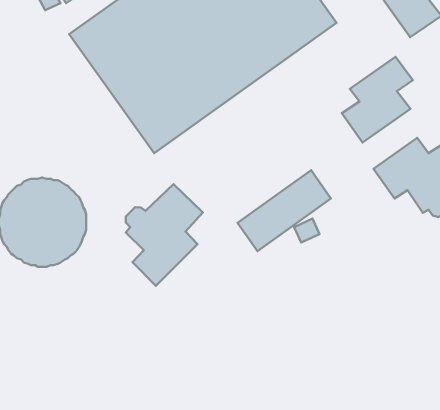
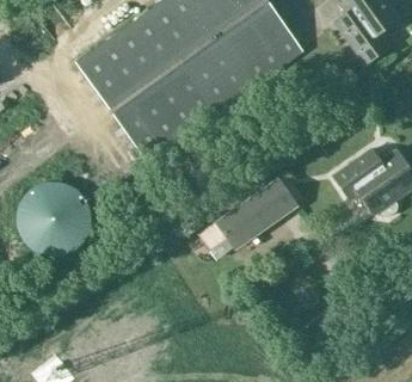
building: [342,57,413,143] -> none
building: [126,184,203,286] -> none

